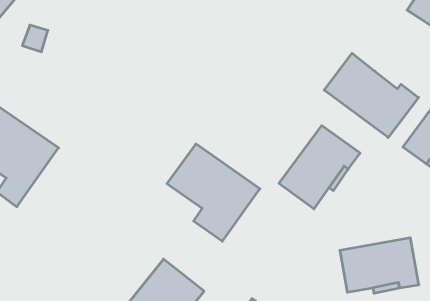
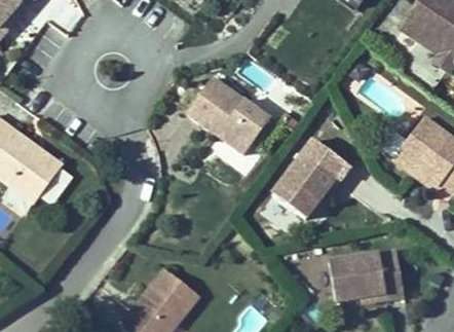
building: [324,53,419,138] -> none
building: [167,144,260,241] -> [182,76,271,170]

